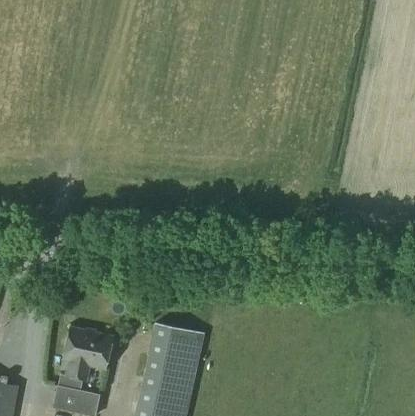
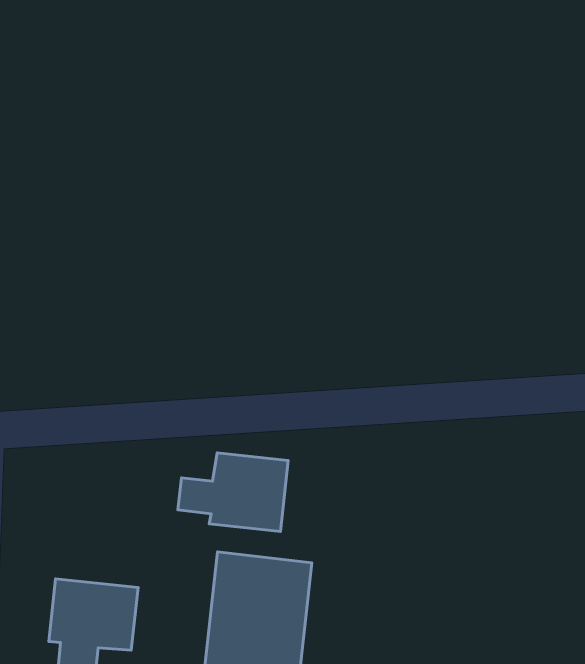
building: none -> [178,453,288,531]

